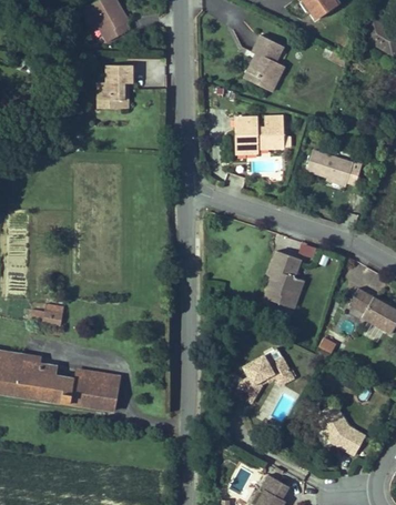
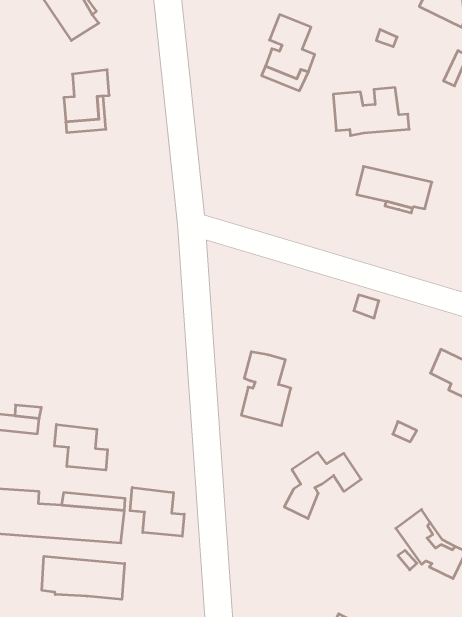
building: [236,117,290,149] -> [333,88,409,136]
building: [265,251,303,306] -> [241,352,291,426]
building: none -> [54,424,108,470]
building: none -> [130,487,184,536]
building: none -> [42,556,125,599]

